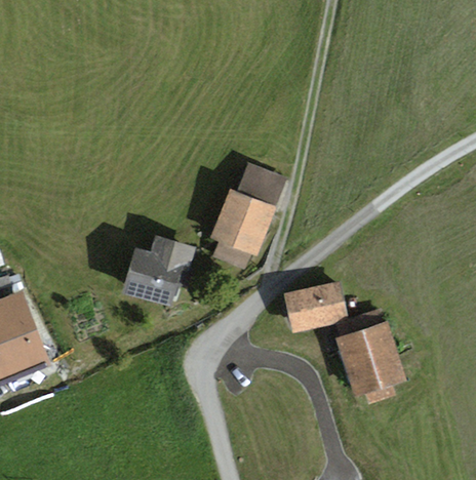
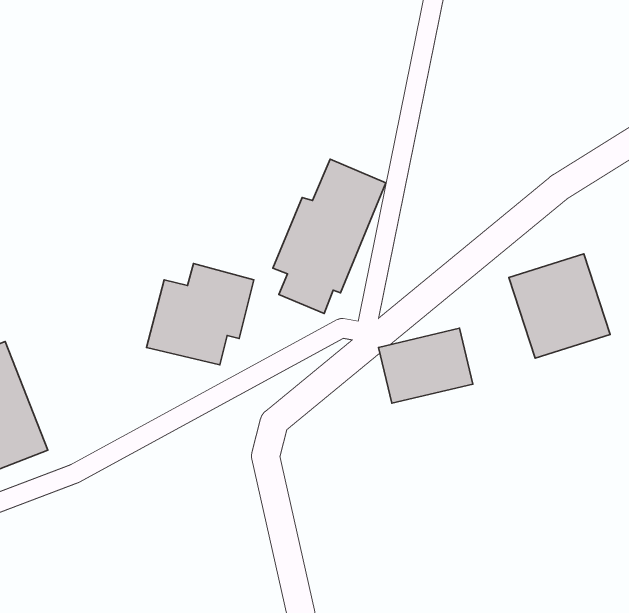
building: [334,322,405,395] -> [509,254,610,358]

